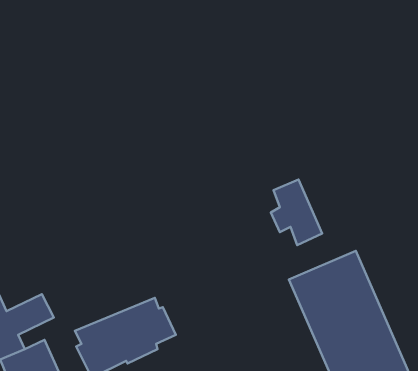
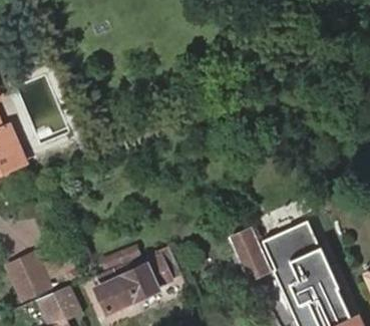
building: [271,180,322,245] -> [229,230,268,280]

